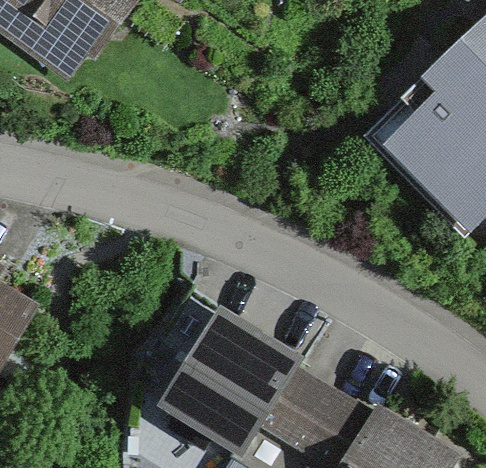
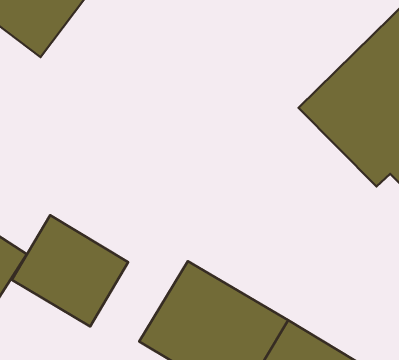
building: none -> [12,215,128,327]

